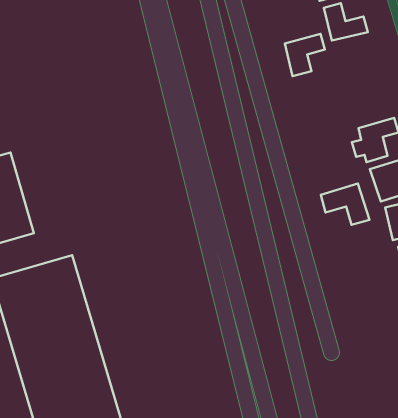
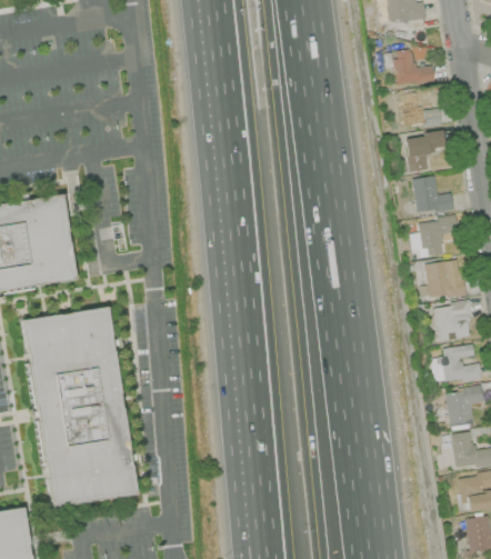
building: [285,34,325,76] -> [405,132,445,171]
building: none -> [414,176,453,212]
building: [321,183,370,225] -> none

